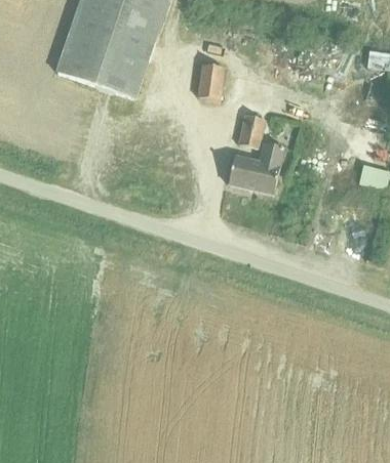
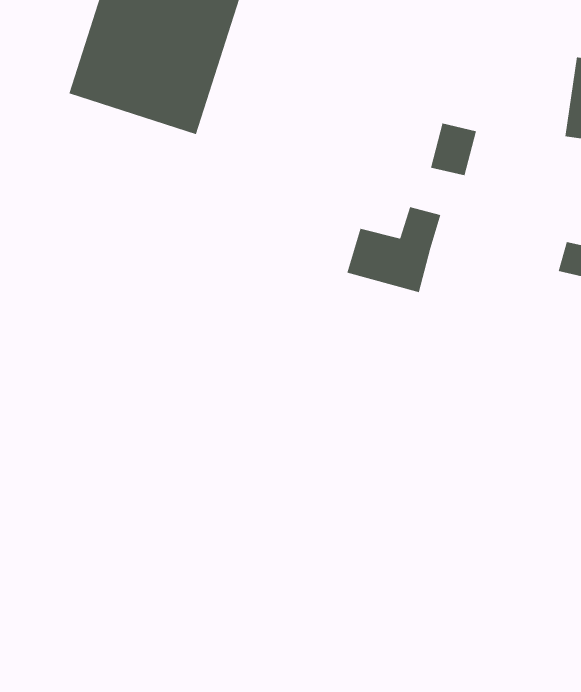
building: [198,62,223,99] -> none
building: [238,114,267,146] -> [430,123,477,176]

